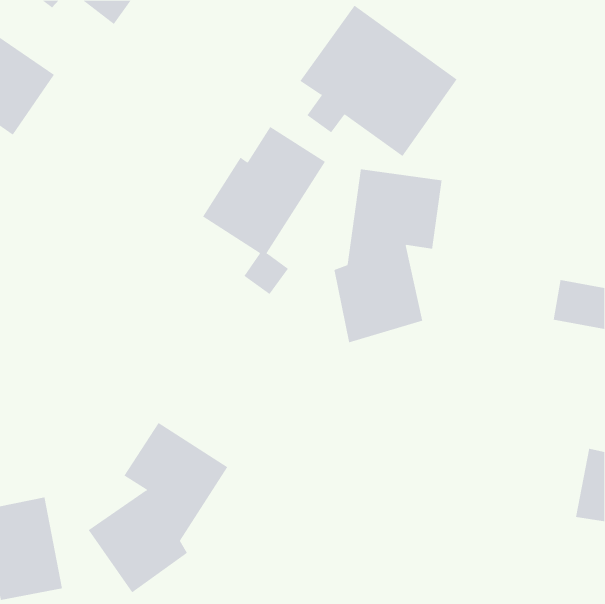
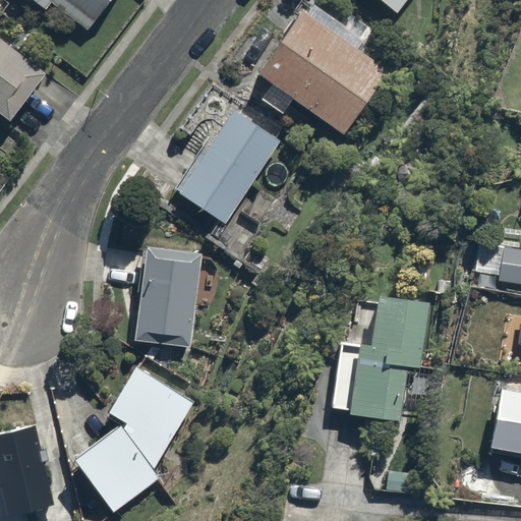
building: [334,168,442,343] -> none
building: none -> [137,246,198,347]
building: none -> [331,295,429,423]

